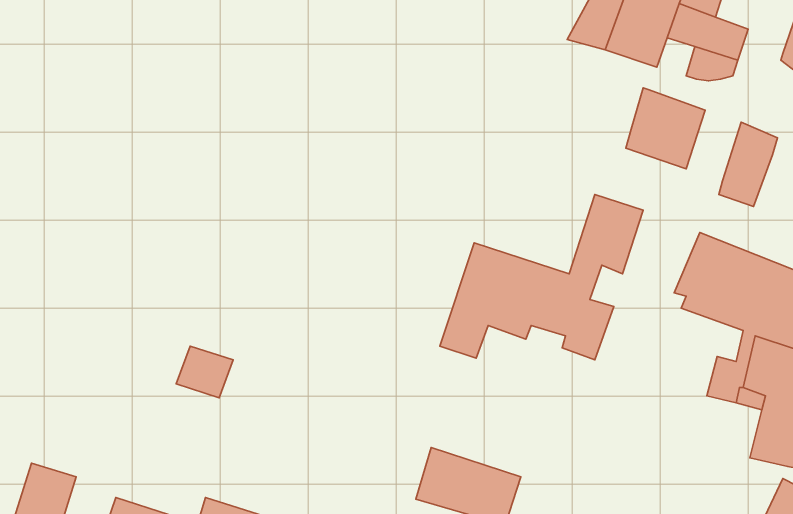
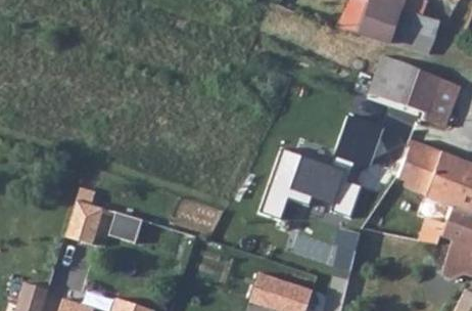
building: none -> [408,70,440,112]
building: none -> [59,196,101,245]

